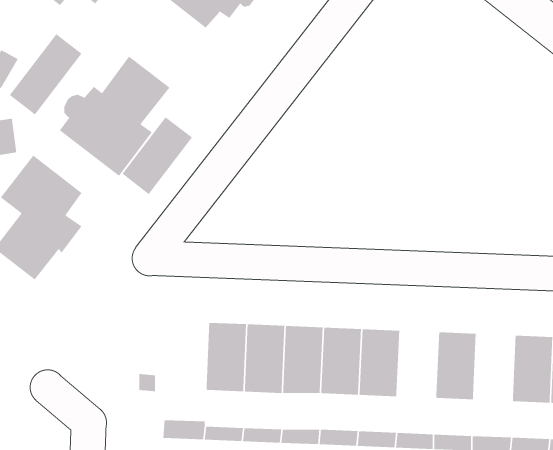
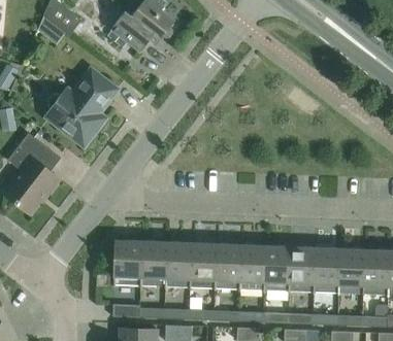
building: [7,33,83,118] -> none
building: [121,113,195,195] -> none
building: none -> [113,240,142,287]
building: none -> [264,246,291,293]
building: none -> [314,248,340,295]

